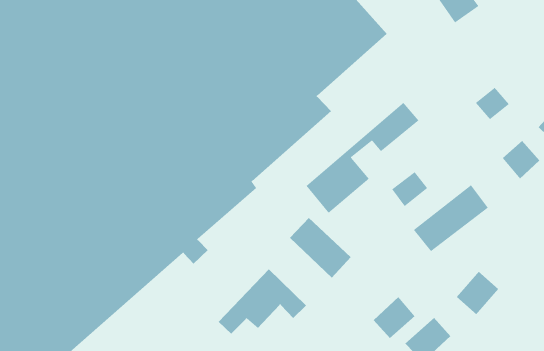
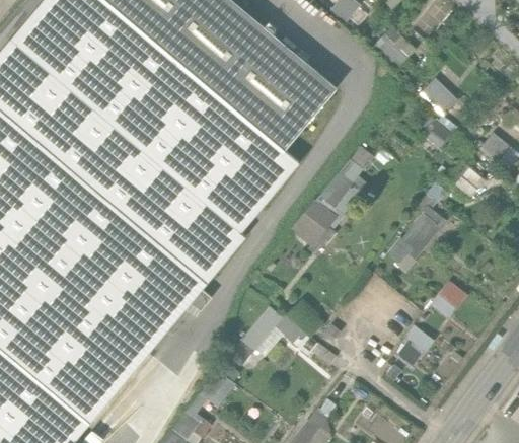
building: none -> [421,77,459,115]
building: [391,171,428,207] -> none
building: [289,217,352,279] -> none
building: [373,296,416,339] -> none

